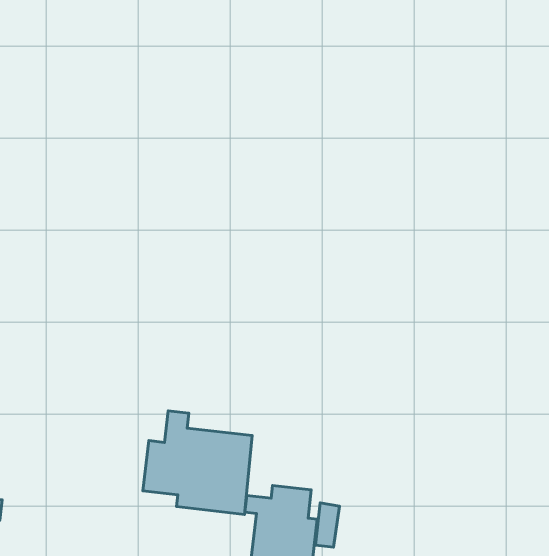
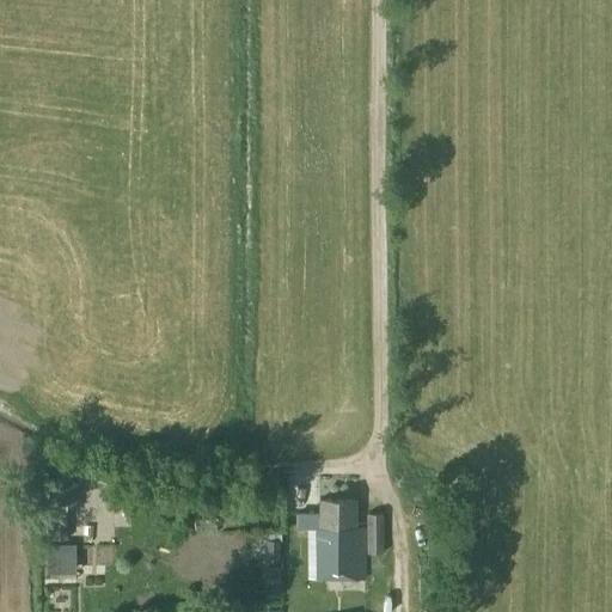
building: [143,411,252,514] -> none

